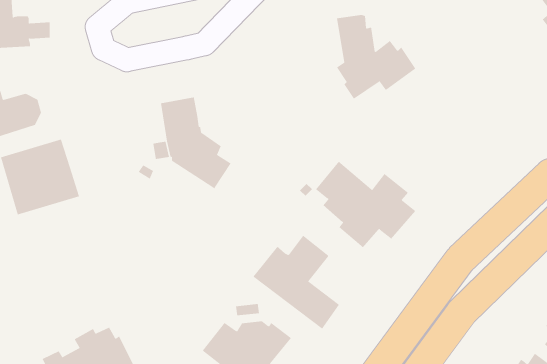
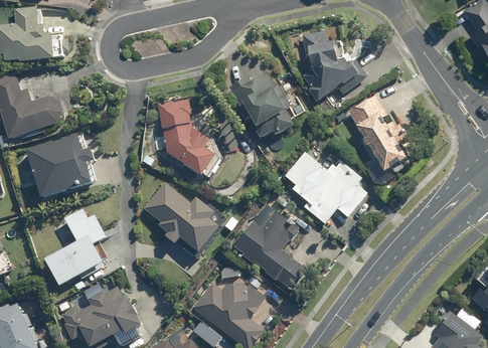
building: none -> [228,70,296,136]
building: none -> [349,94,408,170]
building: none -> [144,181,219,249]
building: none -> [45,208,106,284]

